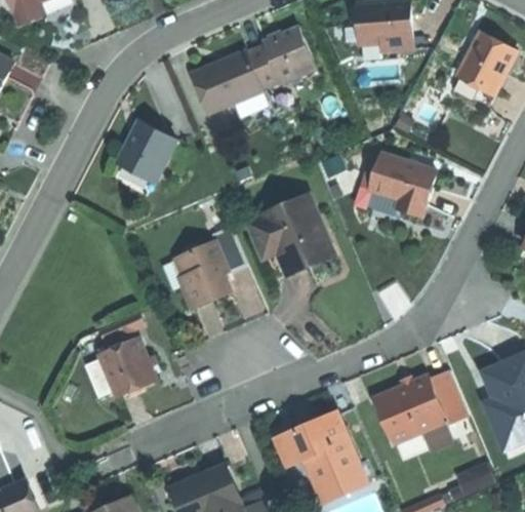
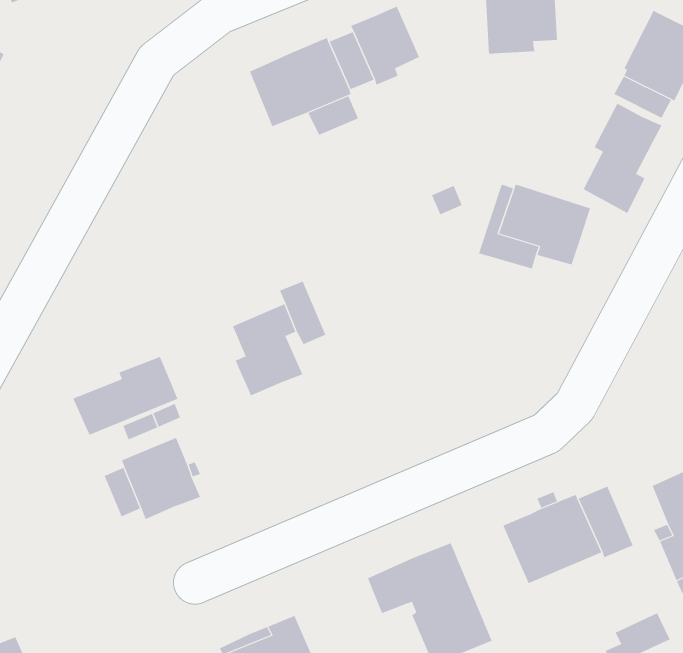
building: none -> [583,103,662,214]
building: [117,119,175,181] -> none
building: [246,195,332,275] -> none
building: none -> [73,356,178,436]

